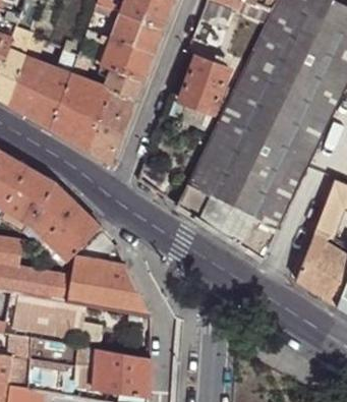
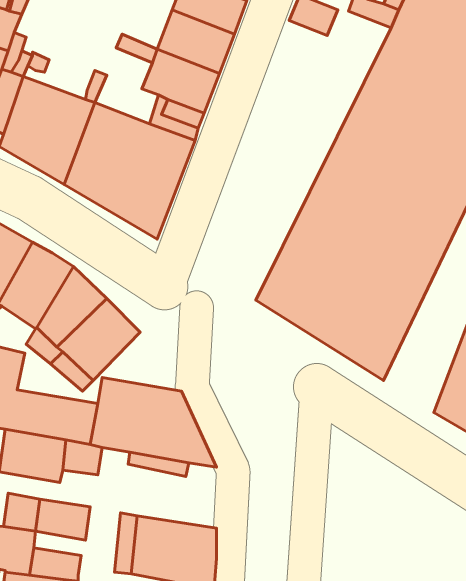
building: [178,56,229,112] -> none

